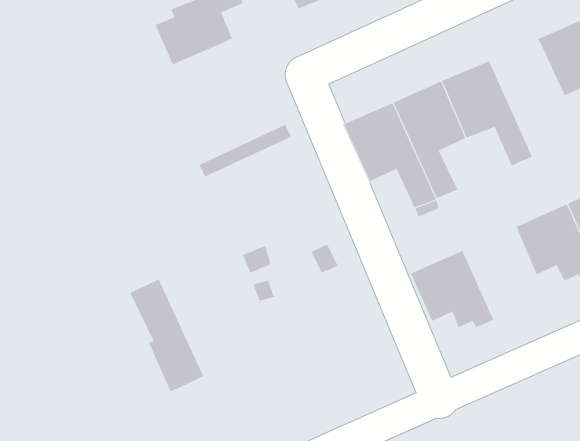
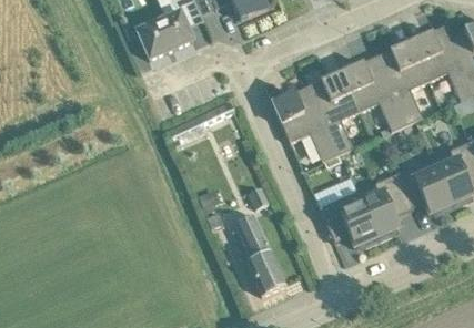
building: none -> [375,40,428,124]
building: none -> [356,174,409,240]
building: [130,279,204,392] -> [232,214,285,295]

